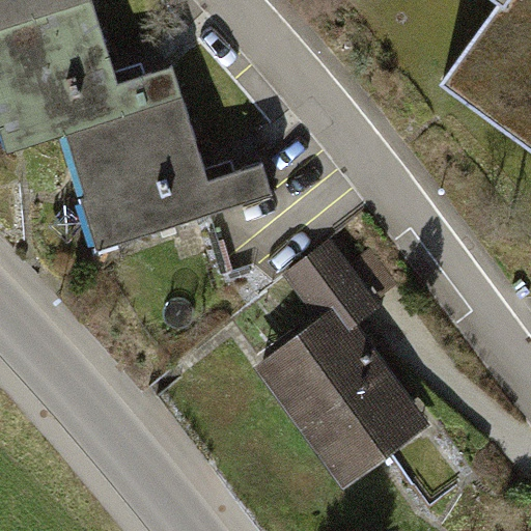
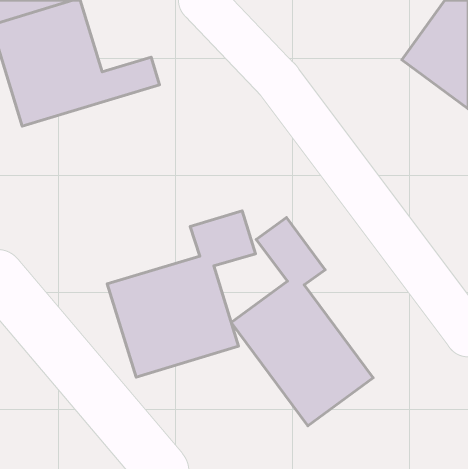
building: [80,97,270,243] -> none
building: none -> [107,211,256,377]

